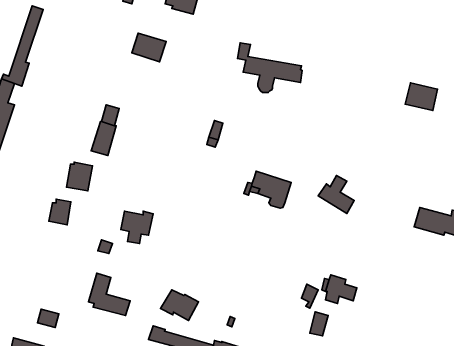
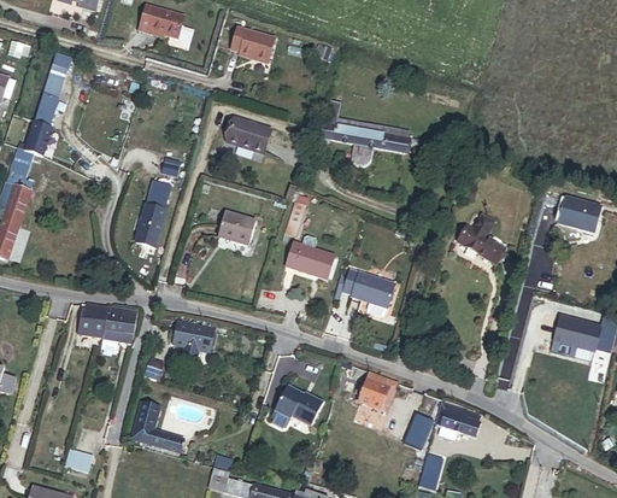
building: [132,33,166,62] -> [225,117,270,154]
building: [405,83,437,111] -> [558,195,600,232]
building: none -> [218,210,255,245]
building: none -> [286,235,334,279]
building: [67,162,93,191] -> [102,305,136,342]
building: [318,176,354,214] -> [457,213,504,263]
building: none -> [354,371,398,410]
building: [161,290,199,320] -> [274,386,323,426]

